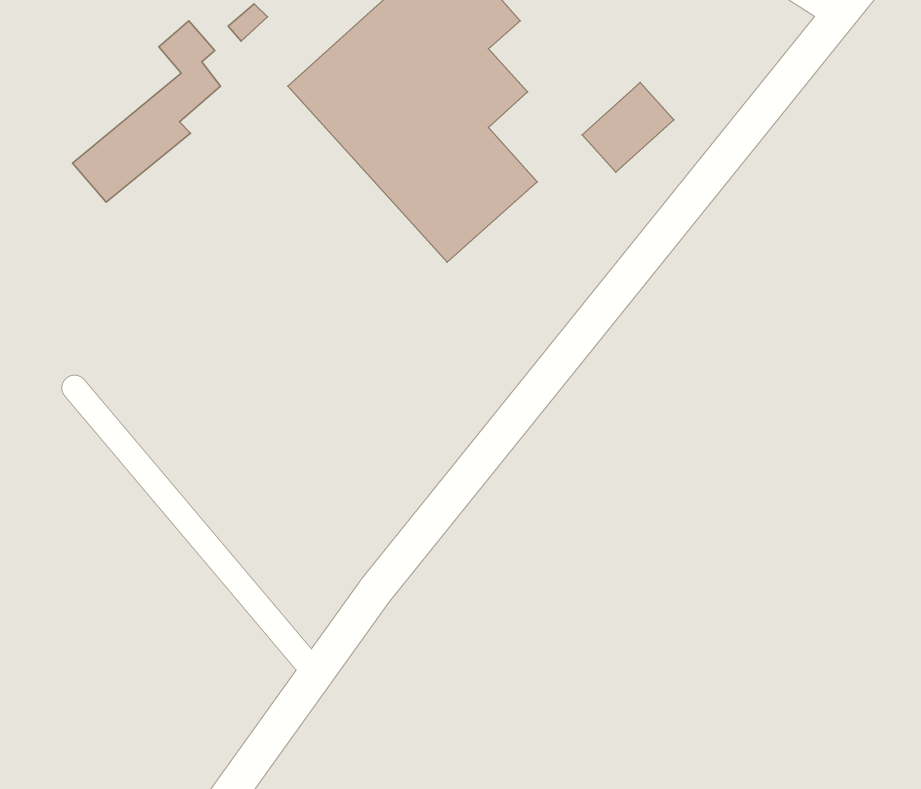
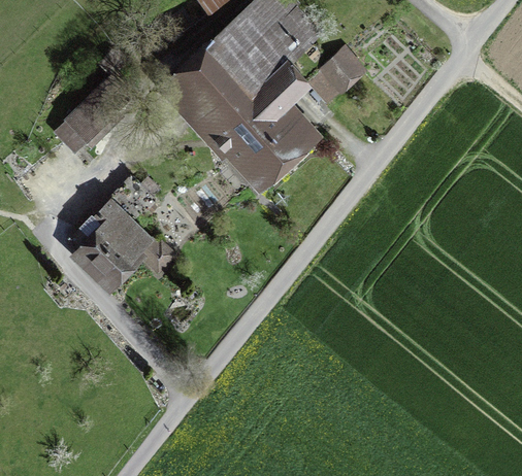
building: [582,82,674,172] -> [308,54,359,103]
building: none -> [74,182,171,285]

